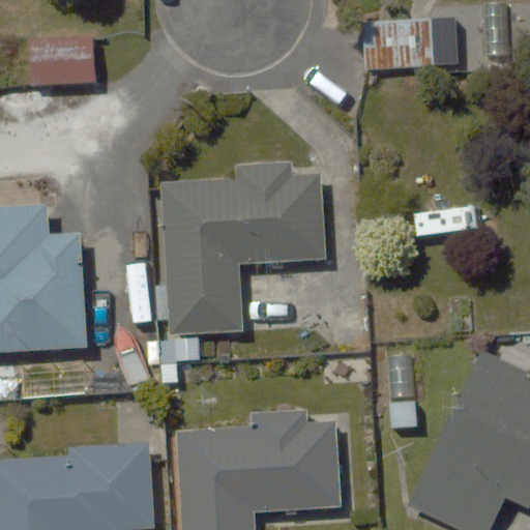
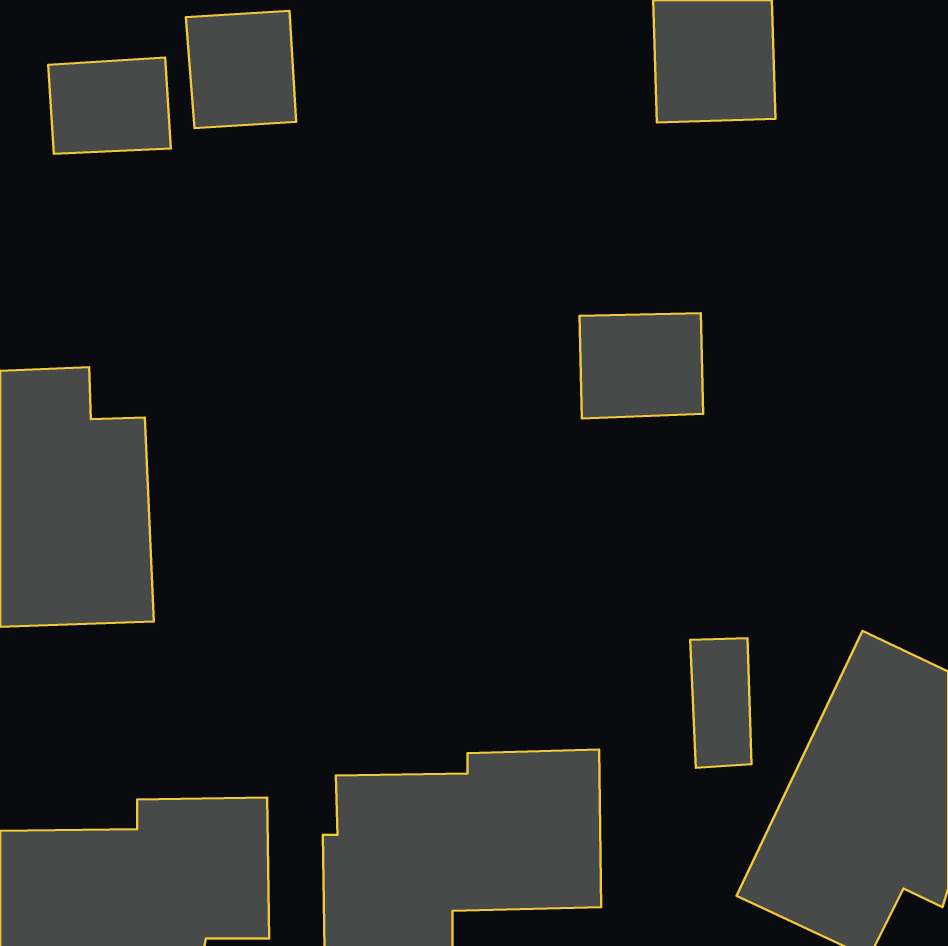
building: none -> [186,11,296,128]
building: [163,156,320,331] -> none
building: none -> [579,313,703,419]

